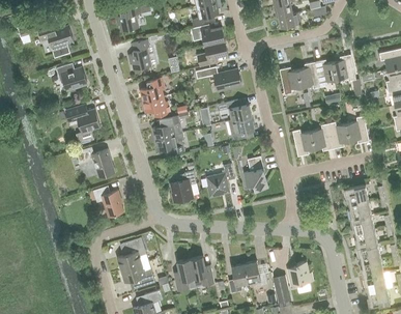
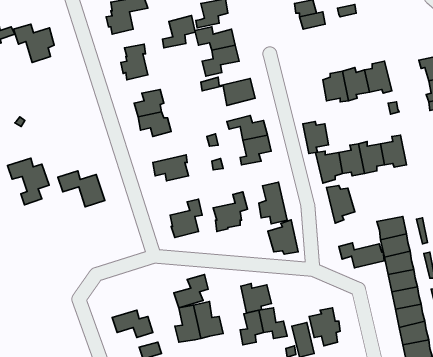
building: none -> [162,15,195,48]
building: [56,62,87,90] -> none
building: [280,67,302,94] -> [303,121,329,153]
building: [65,104,101,143] -> [7,158,49,205]
building: [152,111,189,139] -> none
building: none -> [326,185,355,223]
building: [89,185,124,217] -> none
building: none -> [268,220,298,254]
building: none -> [339,243,384,268]
building: none -> [241,283,272,313]
building: [117,241,146,269] -> [174,274,208,308]

